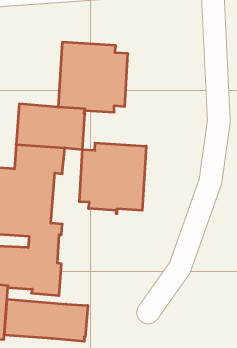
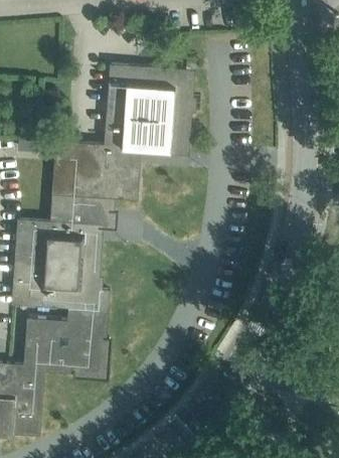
building: [79,143,146,214] -> none
building: [5,299,88,341] -> none

